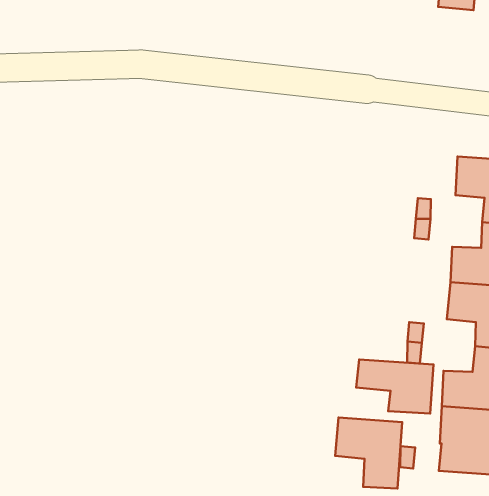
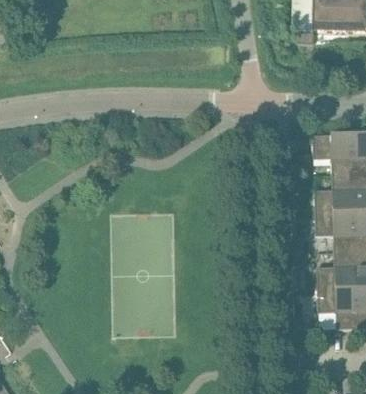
building: [356,359,434,413] -> none
building: [335,418,402,488] -> none

